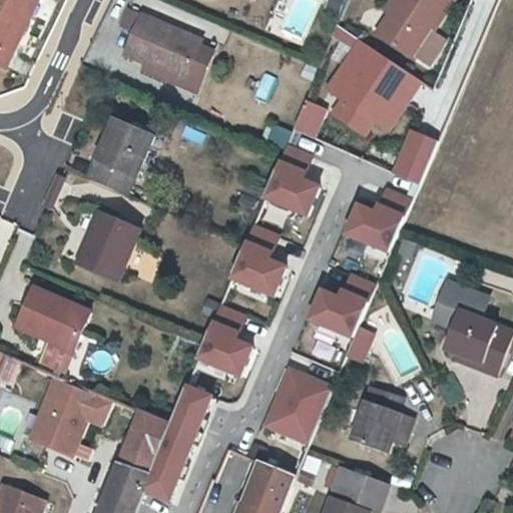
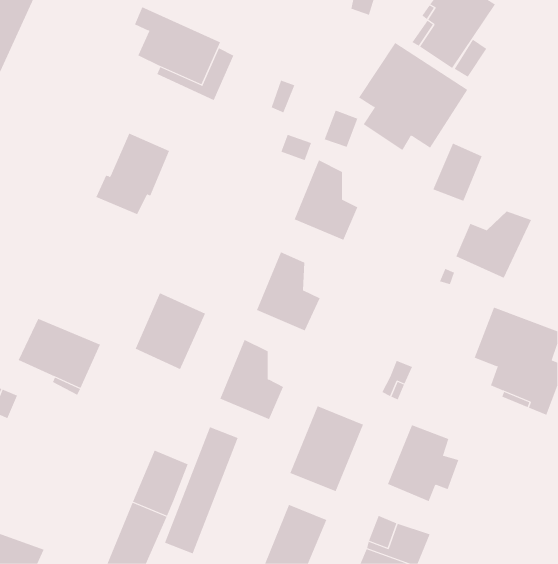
building: [343,188,412,249] -> [455,211,532,279]
building: [74,212,138,283] -> [135,292,206,370]
building: [305,277,374,338] -> none
building: [23,376,111,459] -> none

